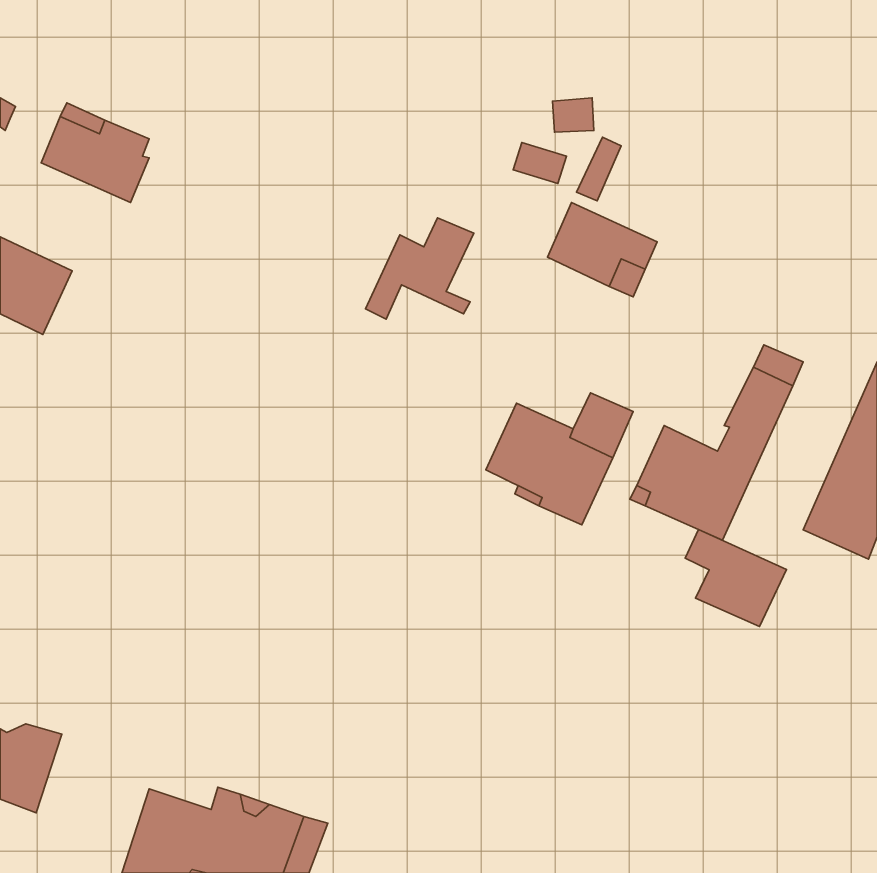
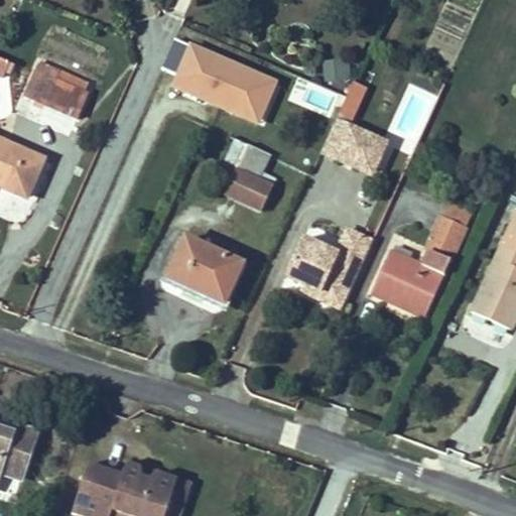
building: none -> [170,40,279,120]
building: none -> [224,167,272,210]
building: none -> [164,237,242,302]
building: [685,530,786,626] -> none

